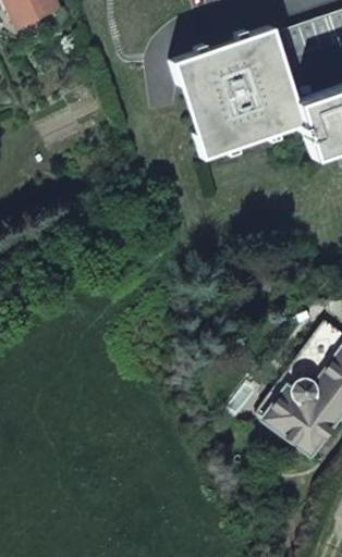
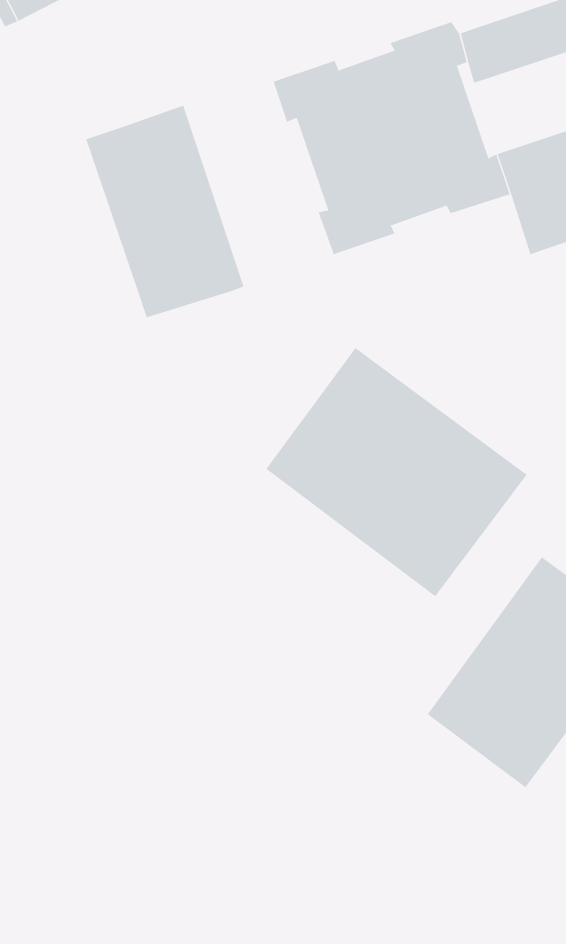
building: none -> [85,105,244,318]
building: none -> [265,347,527,597]

